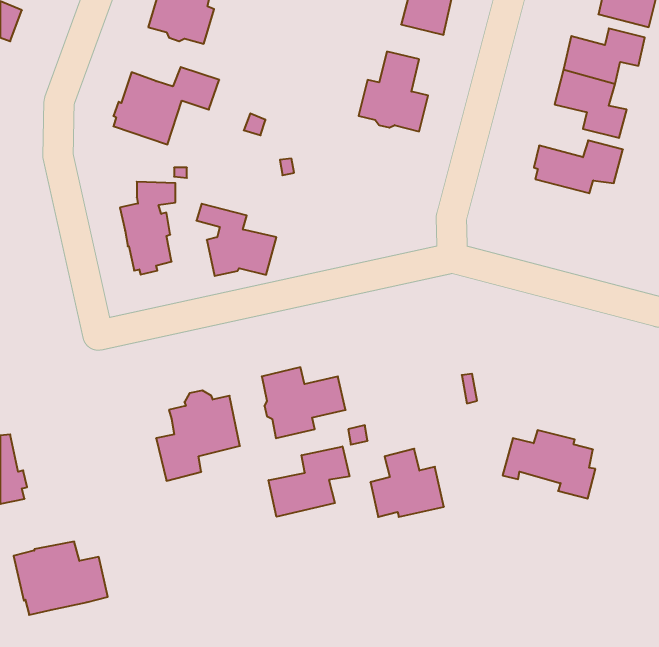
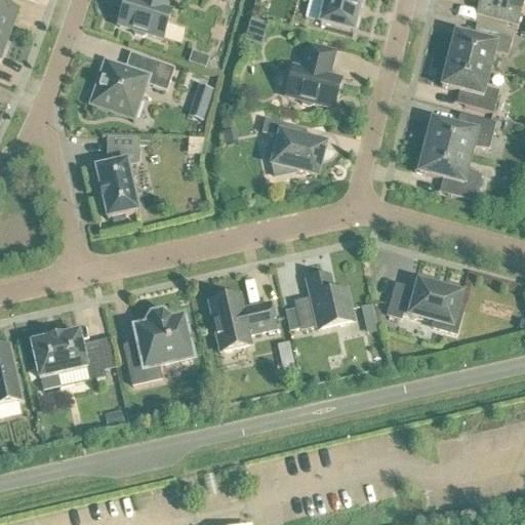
building: none -> [415,143,481,198]
building: [196,204,276,276] -> [260,115,324,172]
building: [503,430,595,499] -> [388,276,461,330]
building: [269,446,349,517] -> none
building: [370,449,444,517] -> [294,272,353,326]
building: [14,542,108,615] -> [30,329,105,388]

